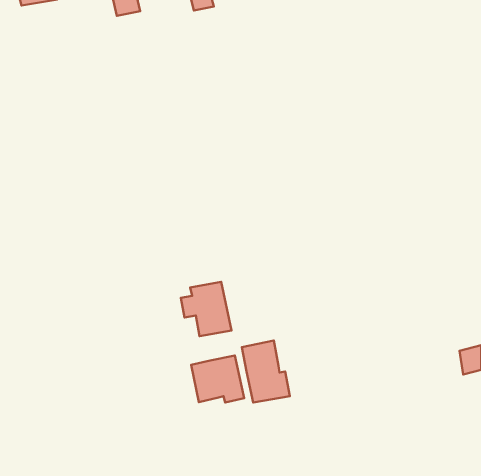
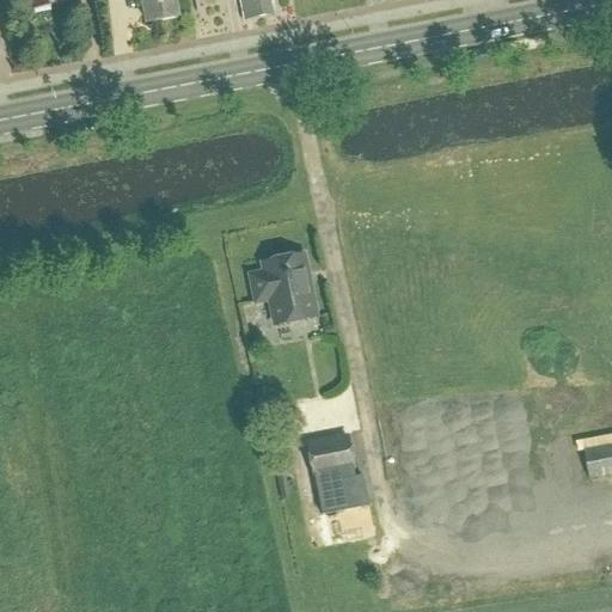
building: [181,282,232,336] -> [251,252,316,322]
building: [191,356,244,403] -> none

